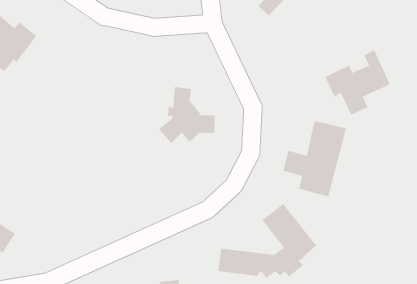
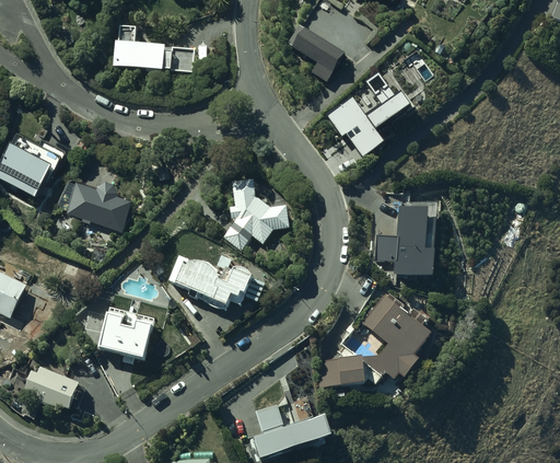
building: [325,50,390,115] -> [327,72,405,153]
building: none -> [66,185,129,233]
building: none -> [168,255,252,304]
building: none -> [97,312,153,359]

